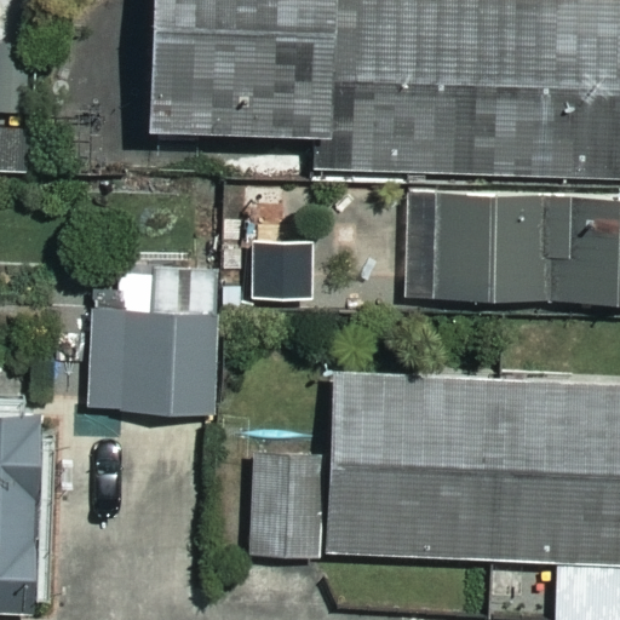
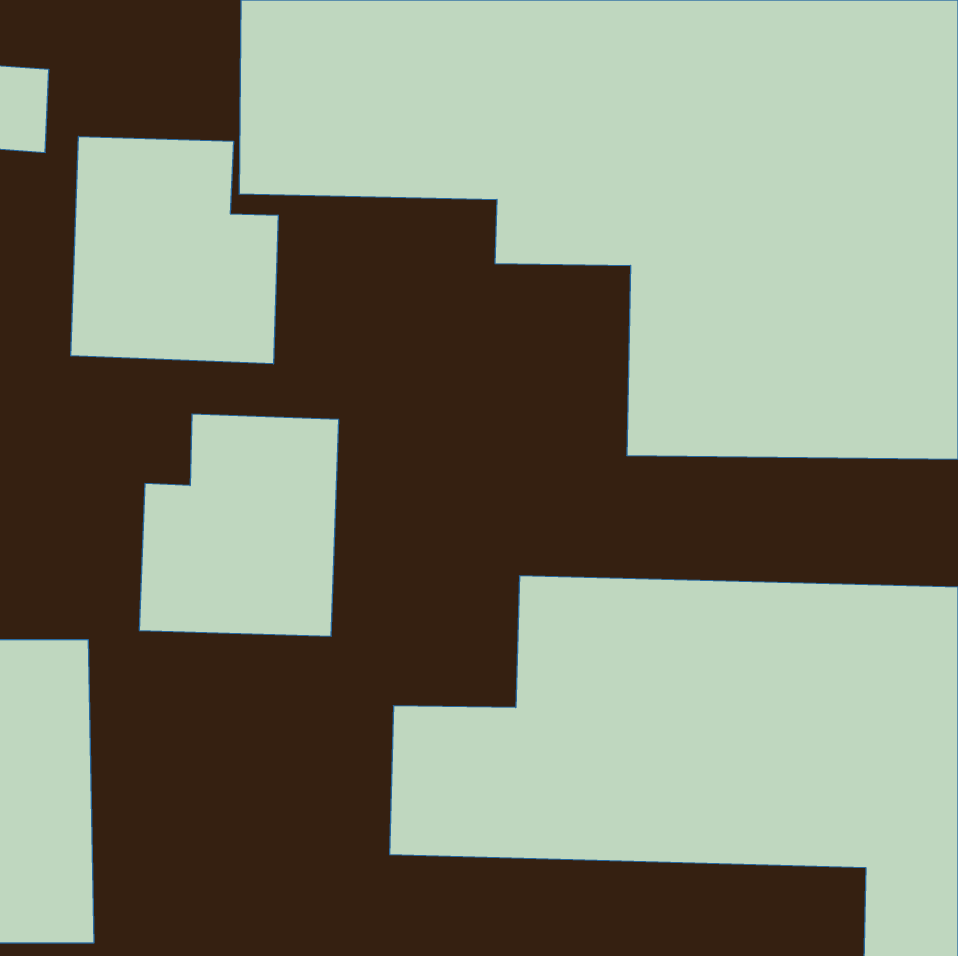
building: none -> [71,136,278,364]

